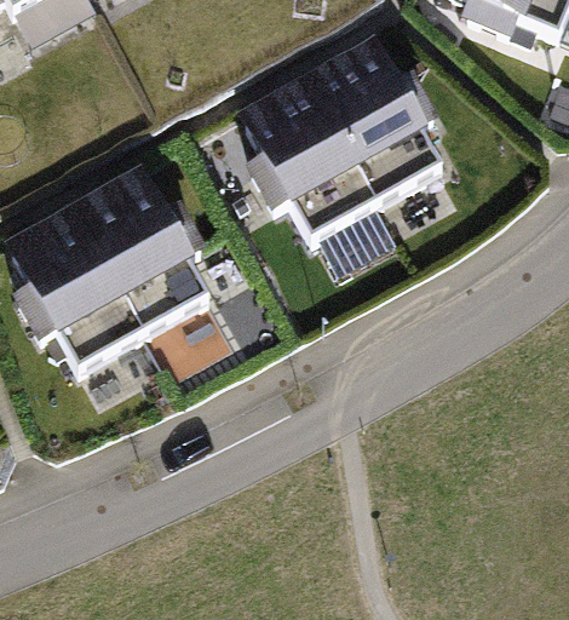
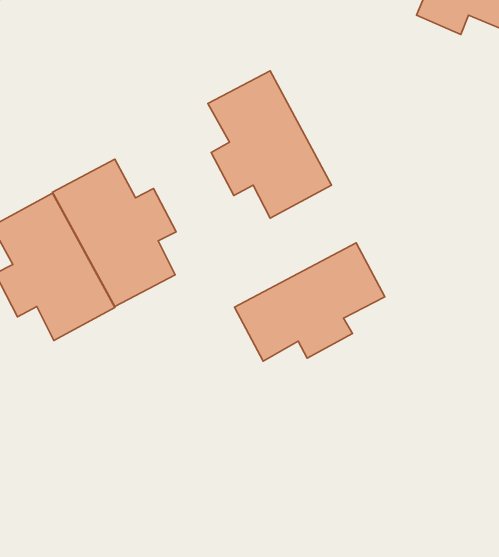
building: [305,45,436,202] -> none
building: none -> [234,243,385,361]

